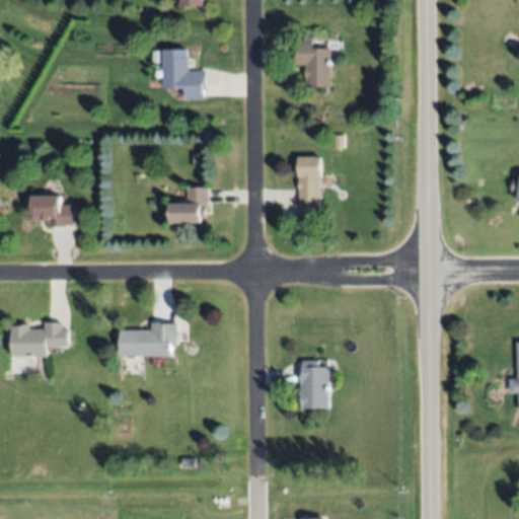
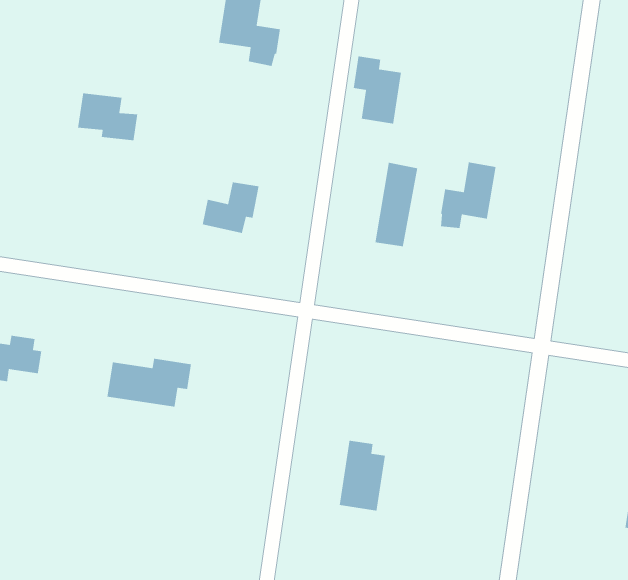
building: [296,41,329,86] -> [353,56,402,124]
building: none -> [440,162,497,229]
building: [30,195,73,226] -> [77,93,138,141]

